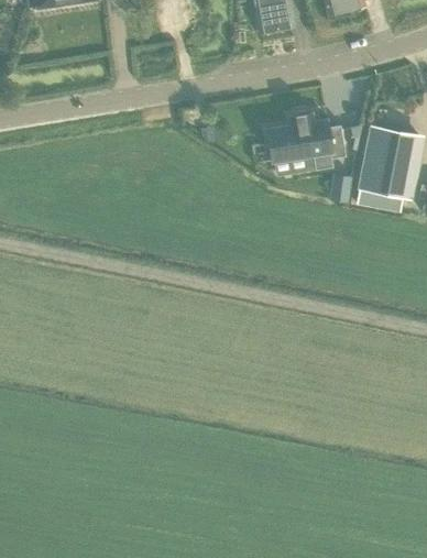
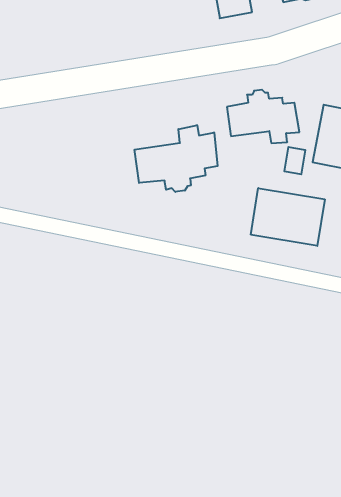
building: none -> [135,125,218,192]
building: none -> [251,188,325,246]

